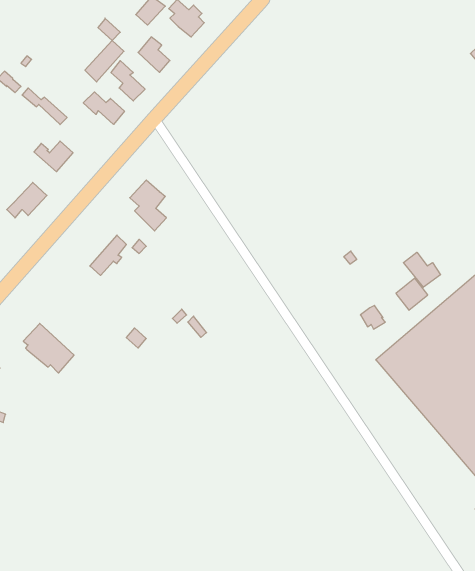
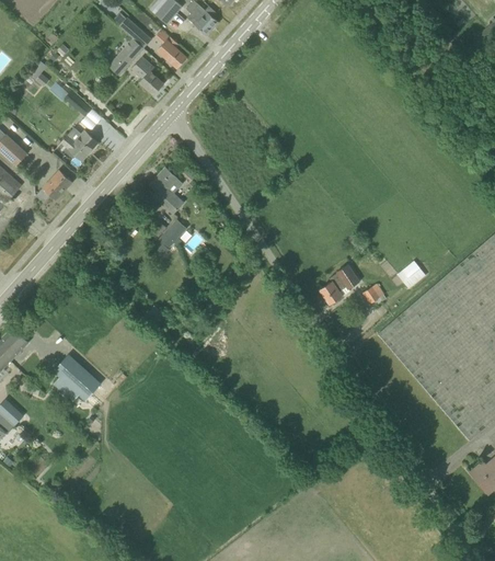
building: [83,92,124,124] -> none
building: [90,235,126,275] -> [152,219,186,256]
building: [403,252,441,287] -> none
building: none -> [320,264,359,305]
building: [23,323,74,373] -> [55,355,102,401]

